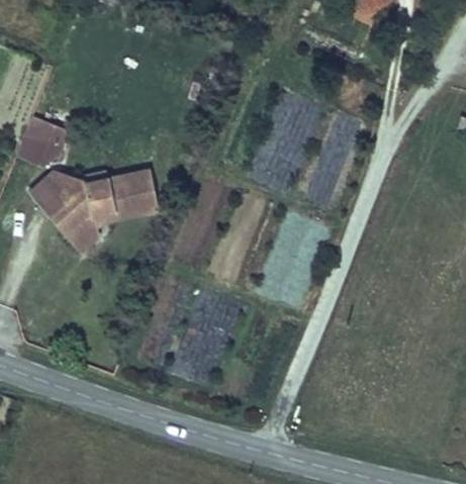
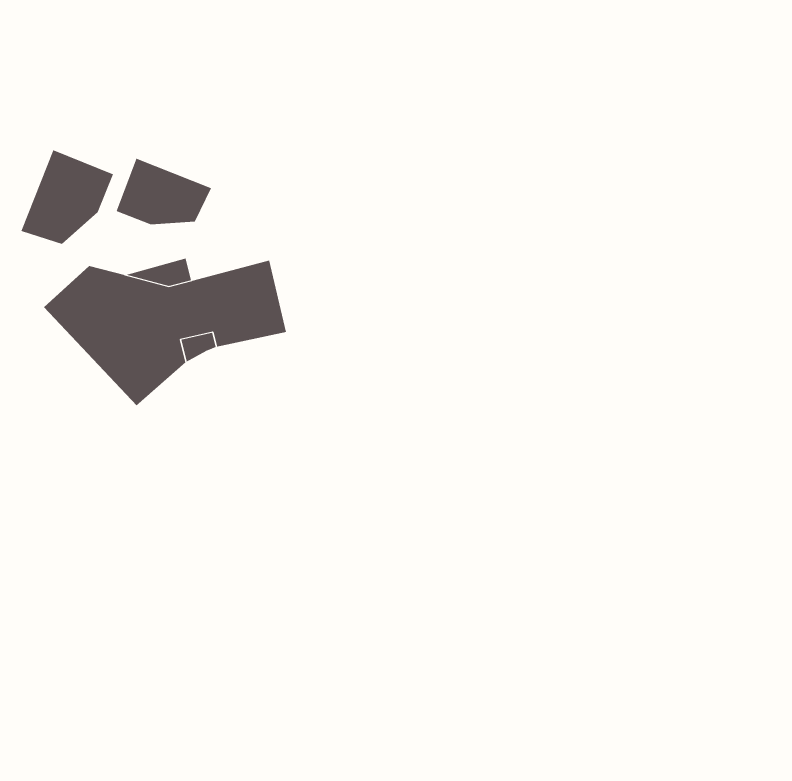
building: none -> [116,158,212,225]

